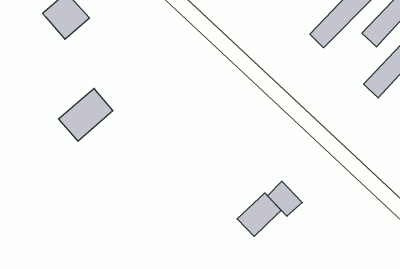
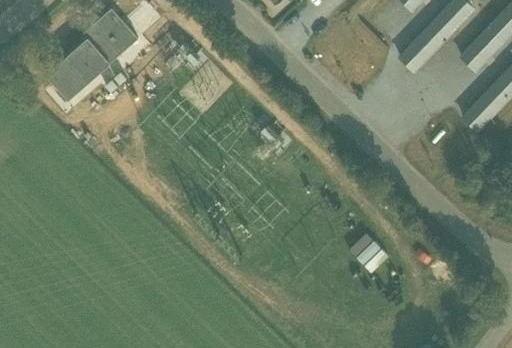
building: [58,88,113,141] -> [46,37,110,99]
building: [237,193,281,236] -> none

